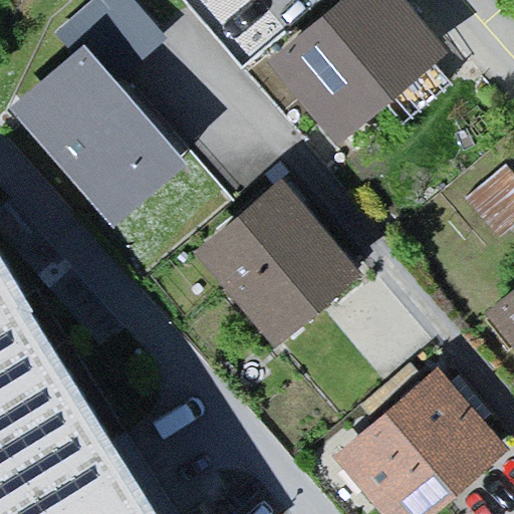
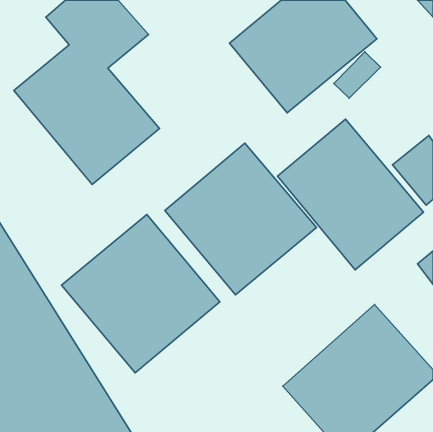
building: none -> [277,119,423,270]
building: none -> [61,215,220,373]

